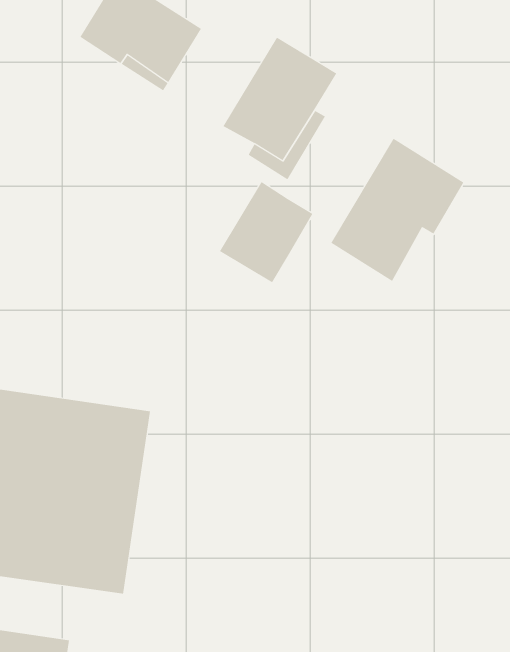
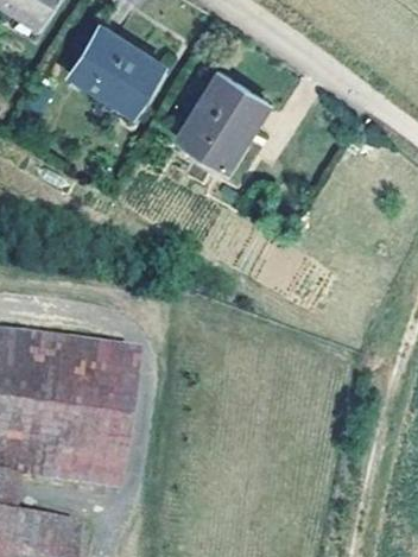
building: [330,138,464,282] -> none
building: [219,181,313,283] -> none

